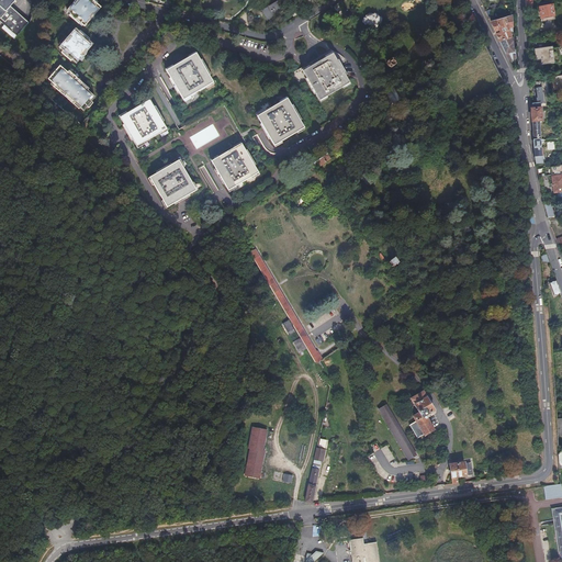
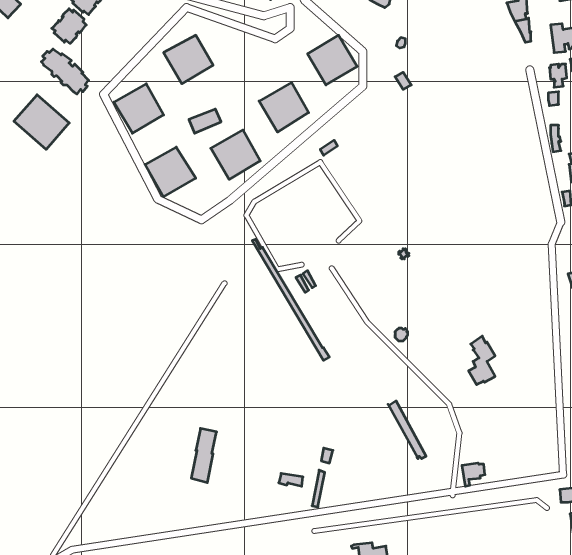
building: none -> [14,95,69,149]
building: [409,389,435,435] -> [469,336,495,385]
building: [247,425,271,476] -> [191,428,217,483]

